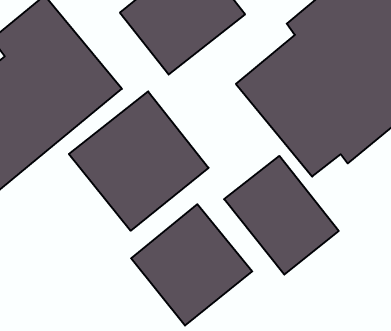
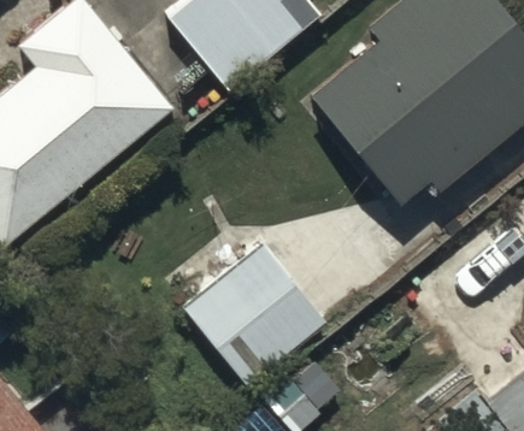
building: [69,91,209,231] -> none
building: [224,156,339,275] -> none

